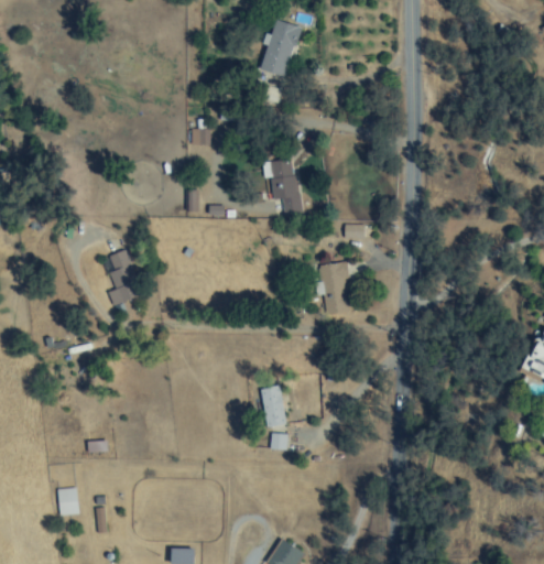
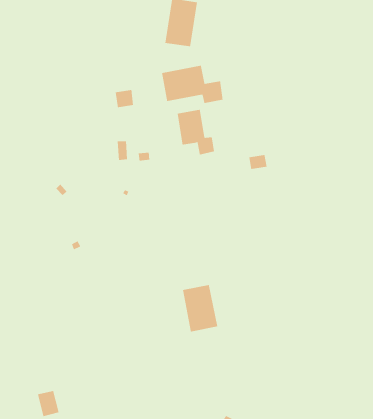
building: none -> [162,65,223,104]
building: [106,250,142,307] -> none
building: [305,261,350,314] -> none

